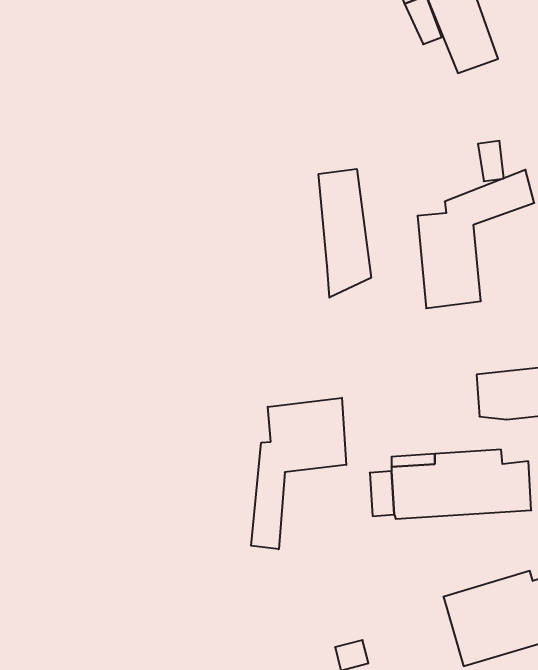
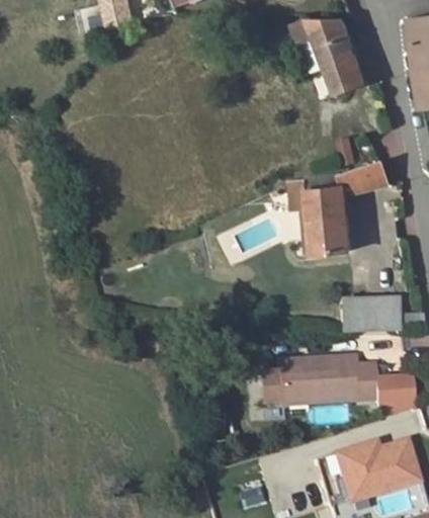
building: [319,169,371,298] -> none
building: [251,398,346,549] -> none

